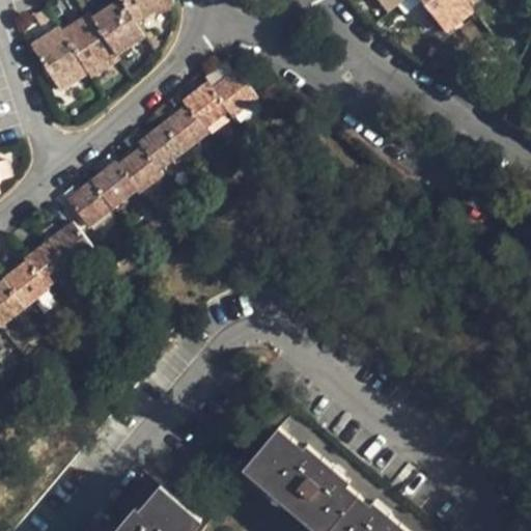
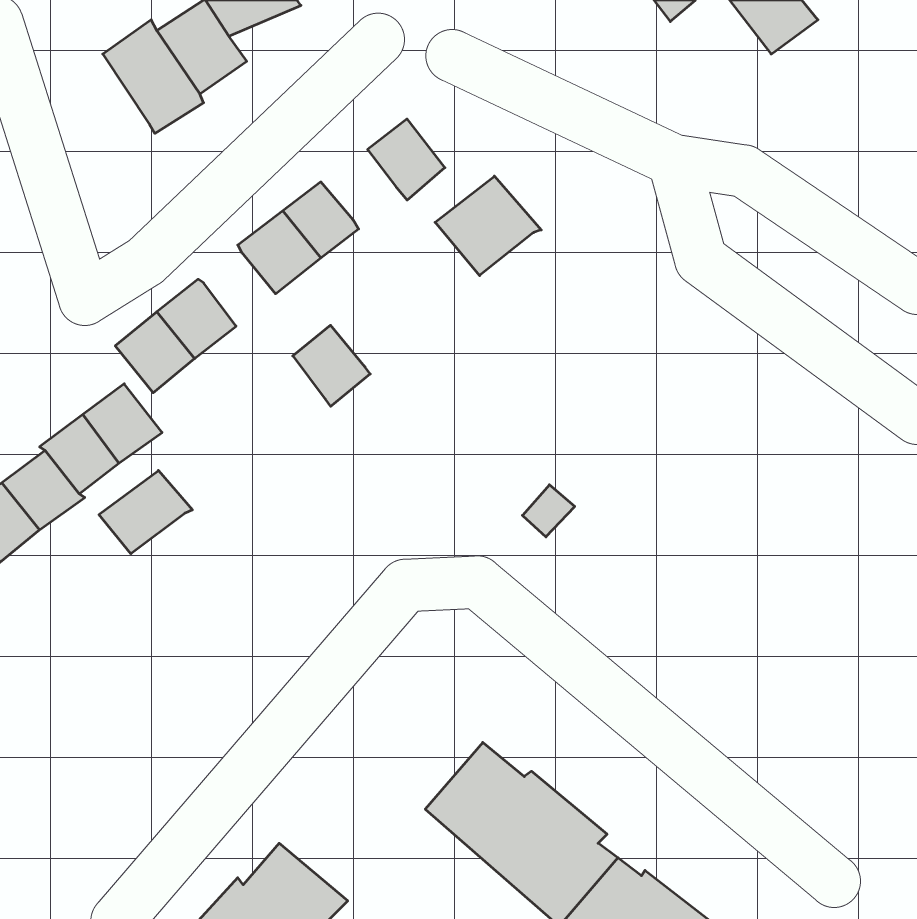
building: [29,27,86,91] -> none
building: [183,82,228,128] -> none
building: none -> [435,176,541,276]
building: [117,146,162,193] -> [293,325,370,406]
building: none -> [99,470,192,554]

